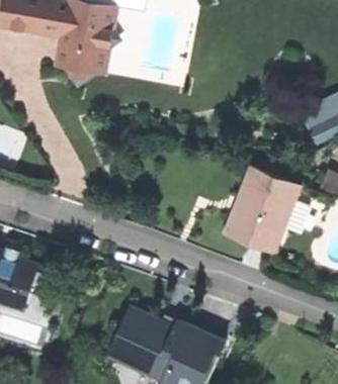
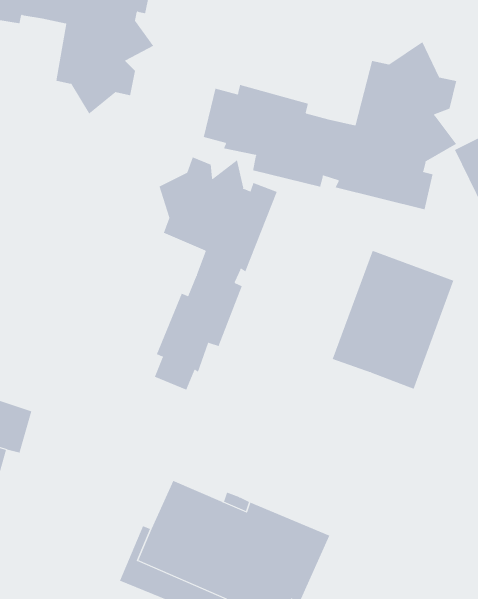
building: none -> [203,41,457,210]
building: none -> [154,157,277,390]

